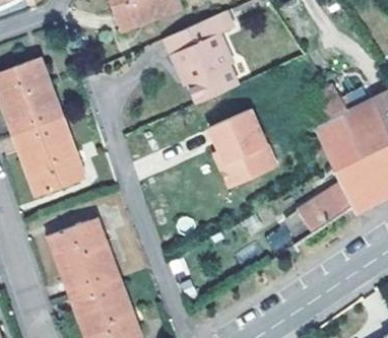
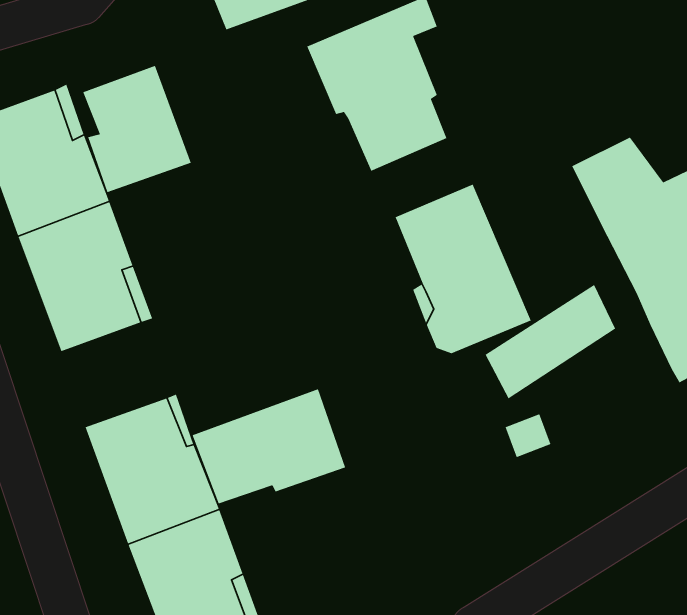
building: none -> [82,65,192,193]
building: [284,182,352,242] -> [485,284,616,400]
building: none -> [192,388,346,505]

